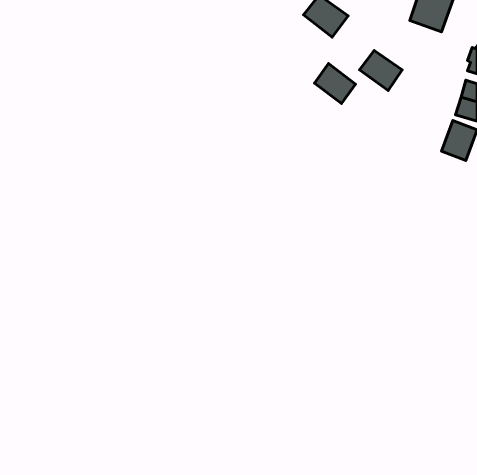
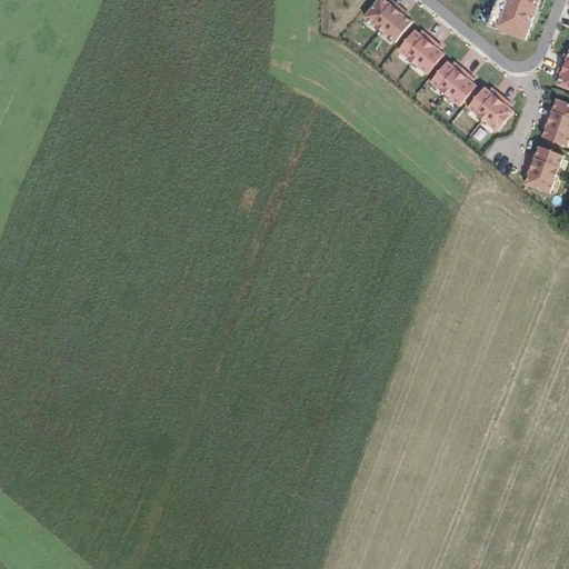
building: [314,64,356,104] -> [396,29,445,77]
building: none -> [467,86,516,133]

